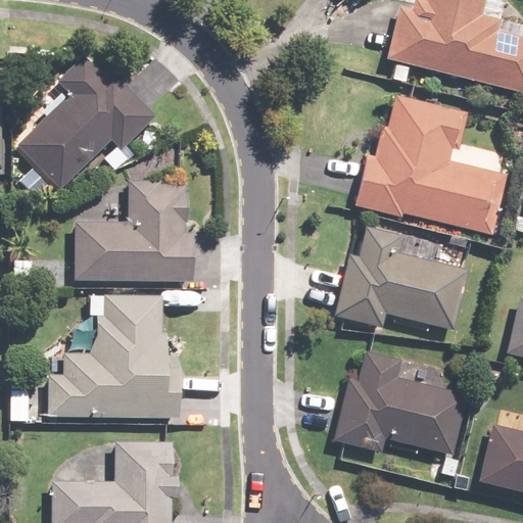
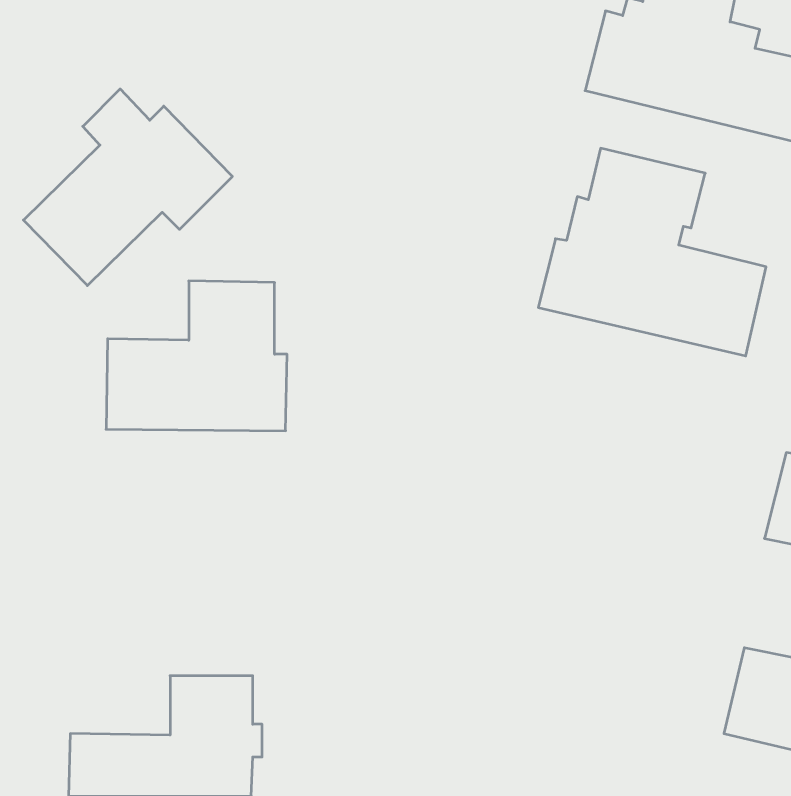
building: [335,229,465,330] -> none
building: [47,295,178,418] -> none
building: [333,351,466,455] -> none

